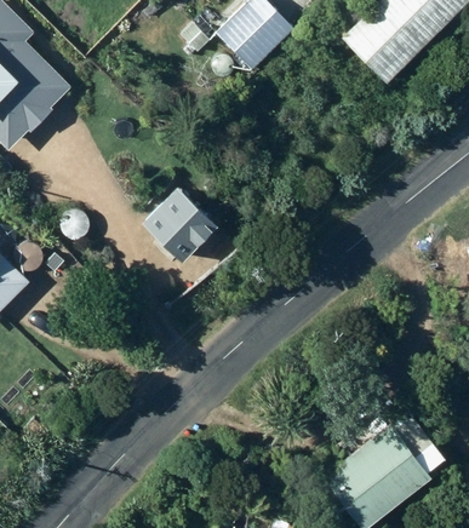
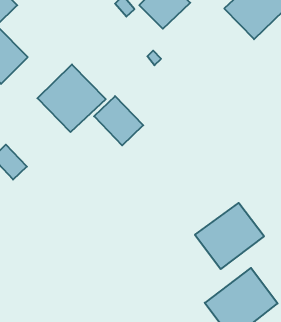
building: none -> [37,64,106,132]
building: none -> [195,203,264,269]

